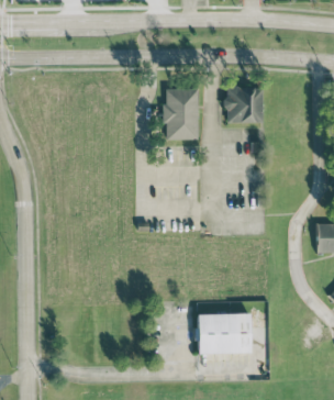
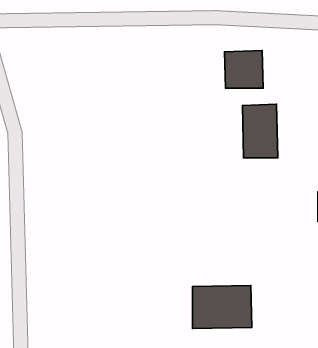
building: [166,87,200,138] -> [242,104,278,158]

